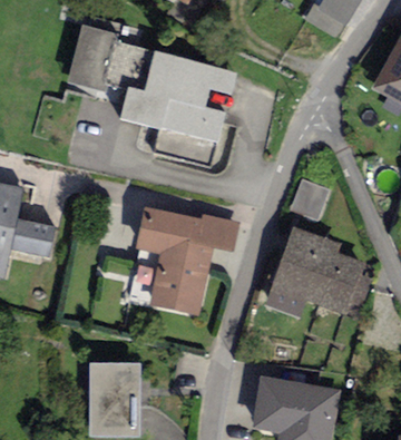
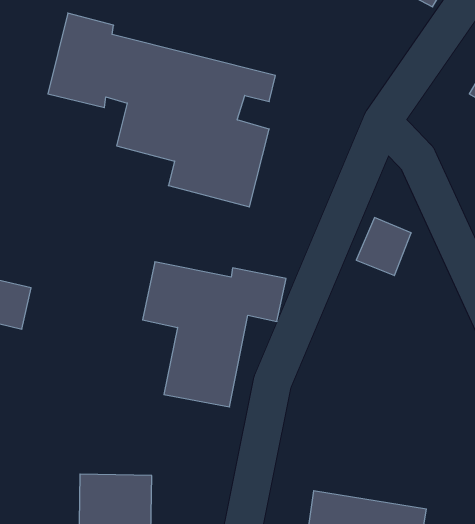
building: [272,227,366,314] -> none

